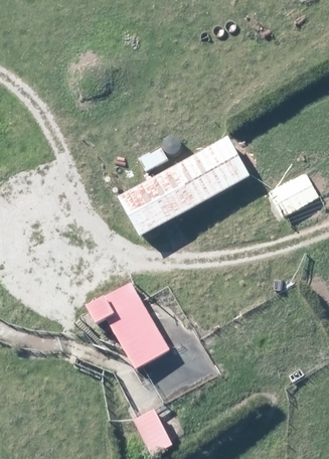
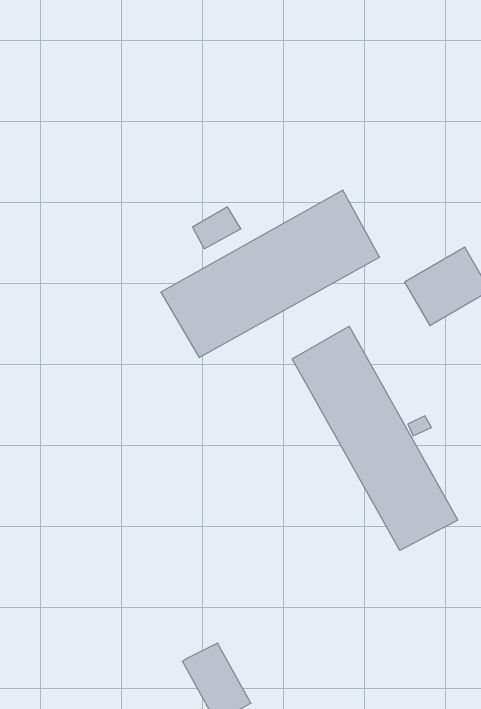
building: none -> [292,326,458,550]
building: [87,281,168,367] -> none

